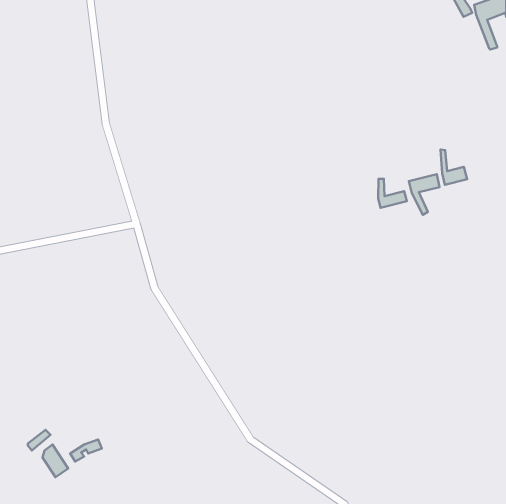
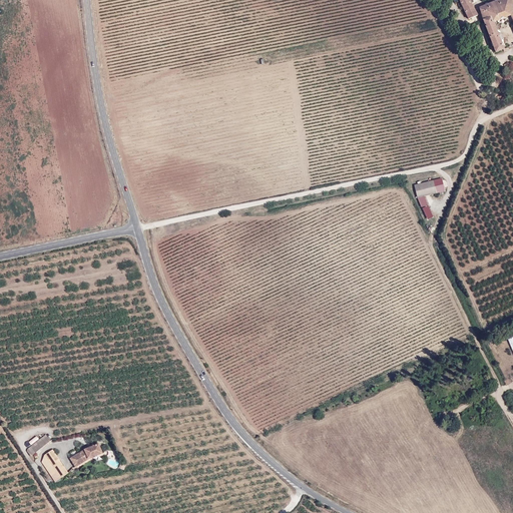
building: [441,150,467,185] -> none
building: [378,179,407,208] -> none

